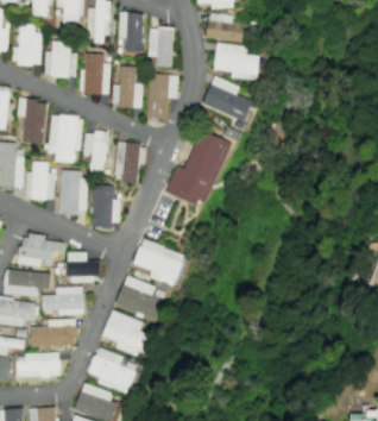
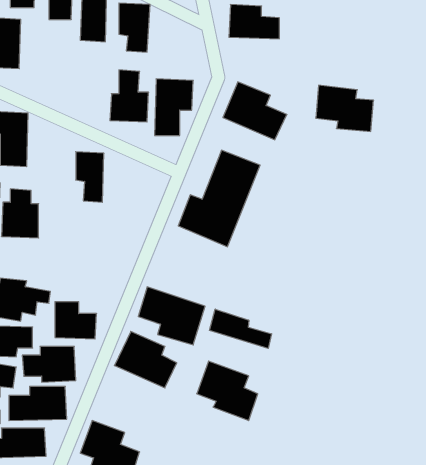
building: [147,26,172,67] -> none
building: [45,42,77,76] -> none
building: [214,43,260,80] -> [316,85,374,131]
building: [84,52,111,94] -> none
building: [49,114,82,162] -> none
building: [115,142,146,182] -> none
building: [59,170,87,213] -> none
building: [92,184,120,226] -> none
building: none -> [209,309,272,348]
building: [102,309,151,357] -> [197,361,258,421]

